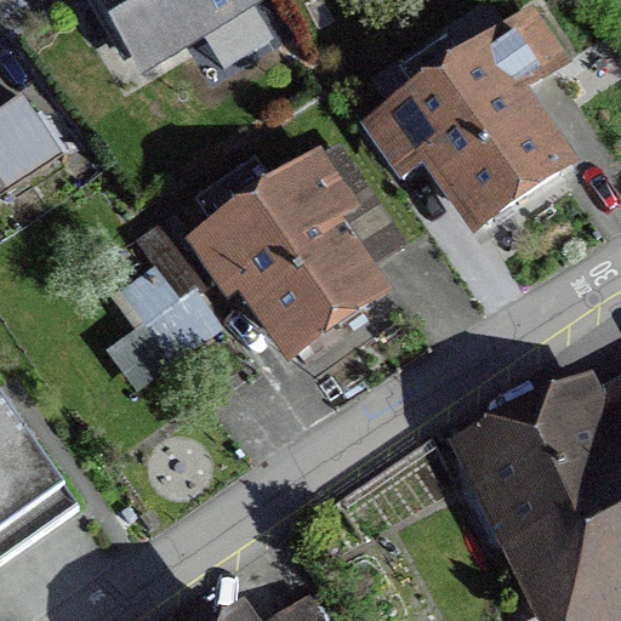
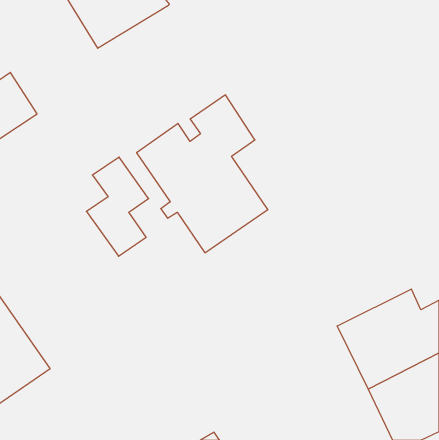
building: [395,25,564,228] -> none

